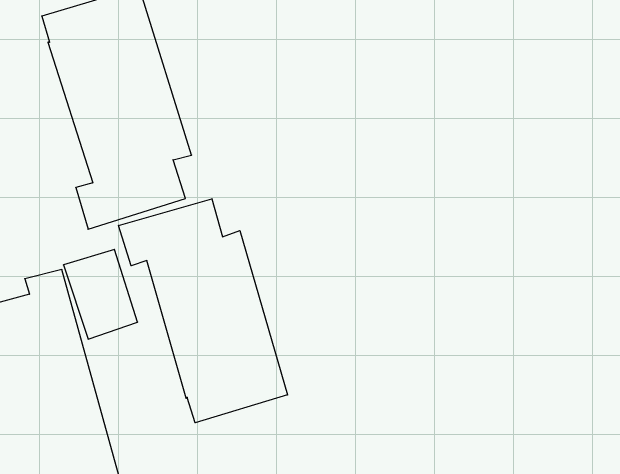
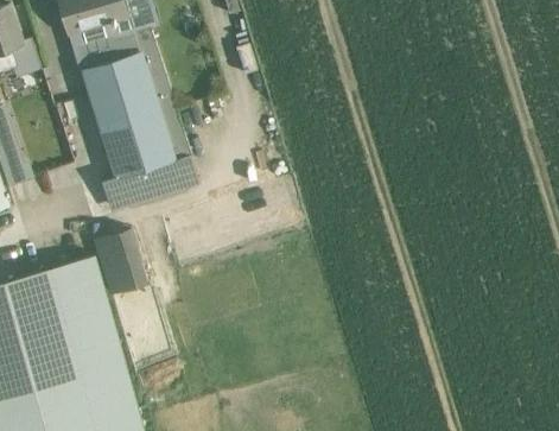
building: [119,199,288,423] -> none

